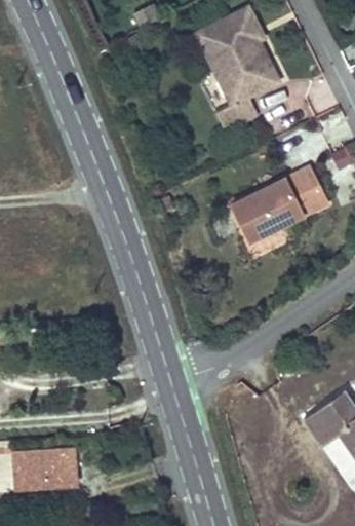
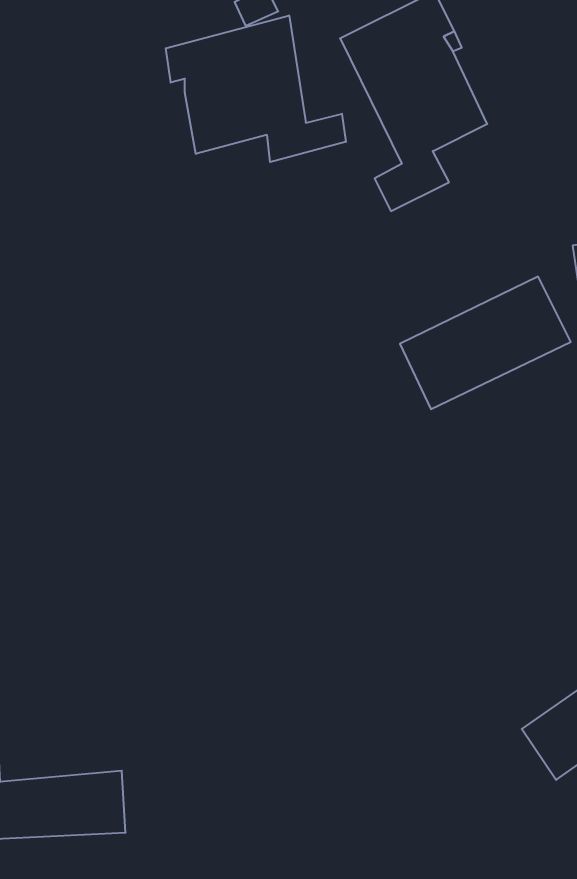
building: none -> [166,15,346,162]

